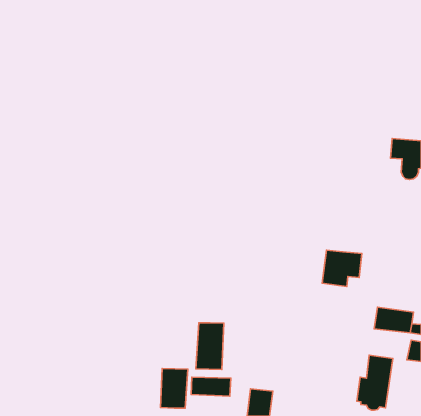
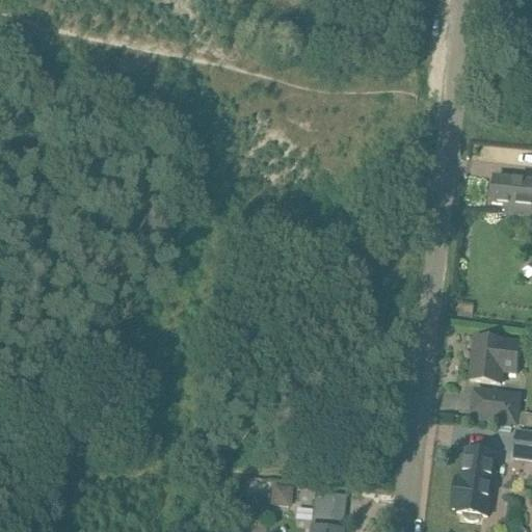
building: [322,250,362,286] -> [470,335,520,380]
building: [196,323,224,369] -> none
building: [161,369,188,408] -> none

